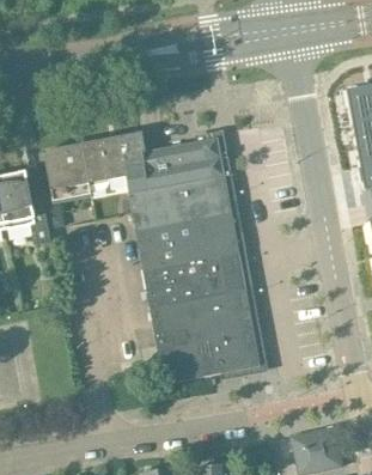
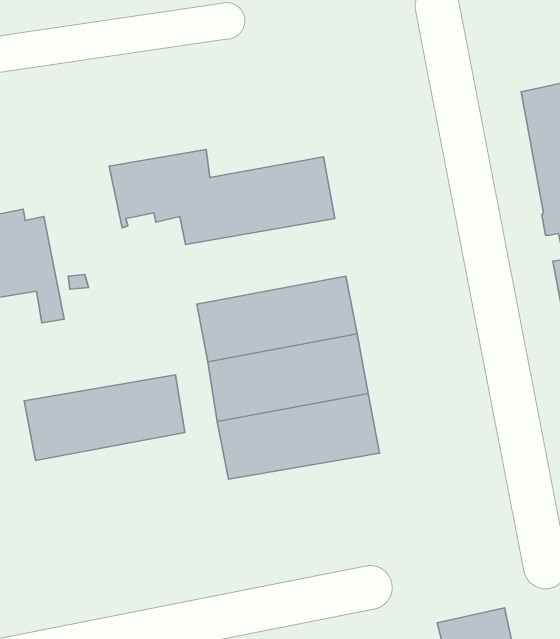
building: [44,142,90,189] -> none
building: [130,176,233,231] -> none
building: [158,327,261,382] -> [24,375,185,460]

